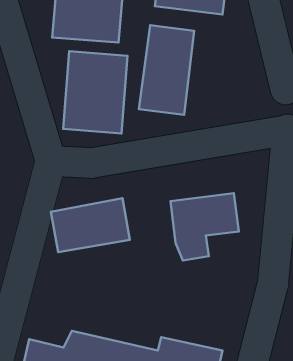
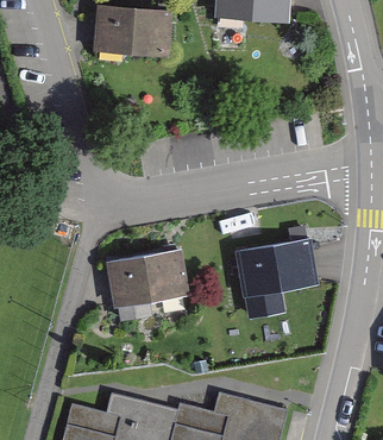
building: [139,25,194,115] -> none
building: [63,51,127,134] -> none

